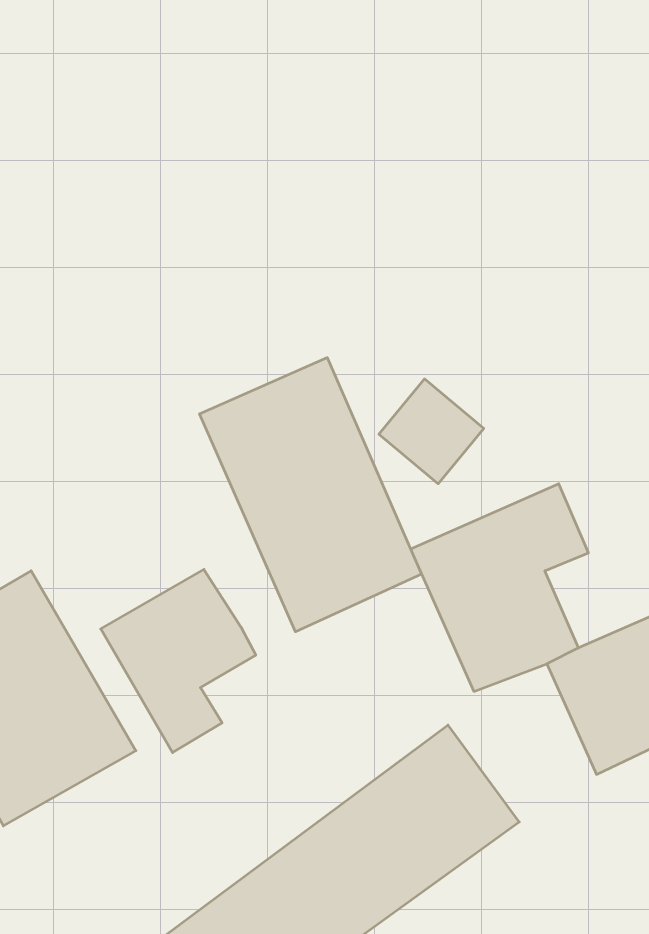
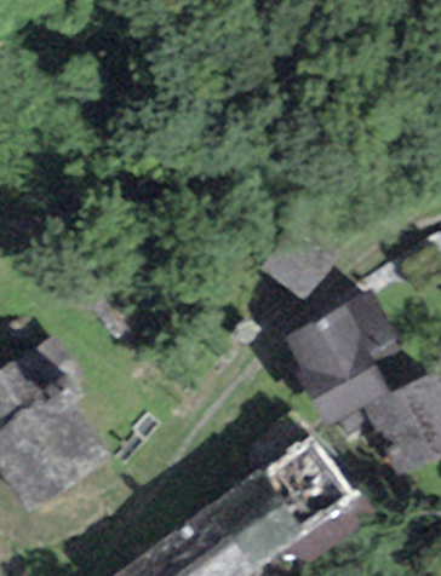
building: [200,358,421,632] -> none
building: [101,569,256,753] -> none

